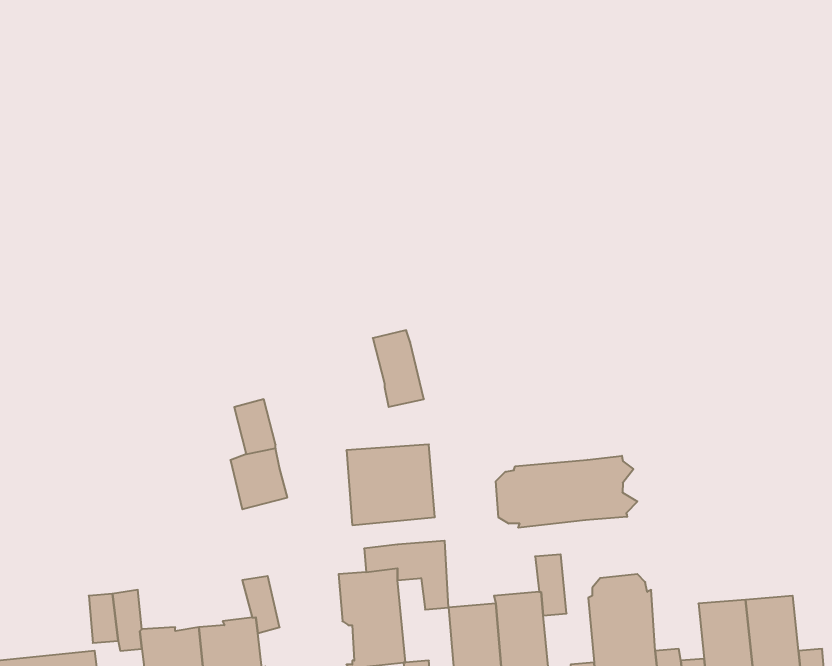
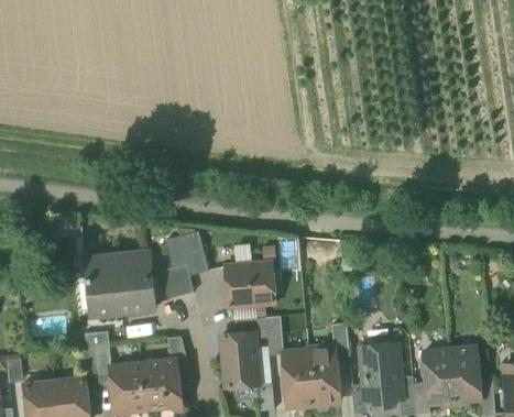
building: [373,330,424,407] -> [179,233,208,276]
building: none -> [84,254,154,315]
building: [496,456,637,528] -> none

